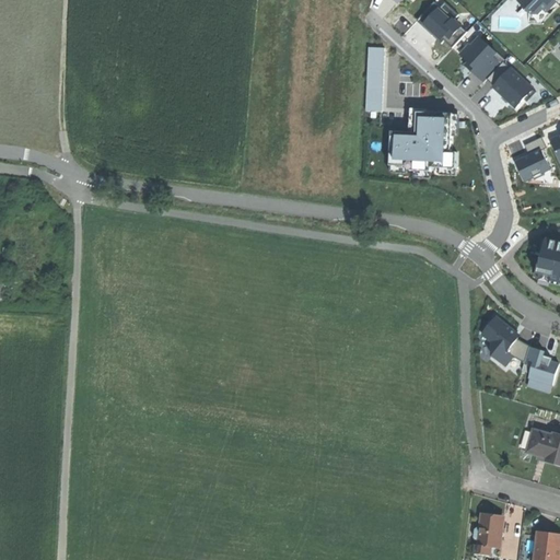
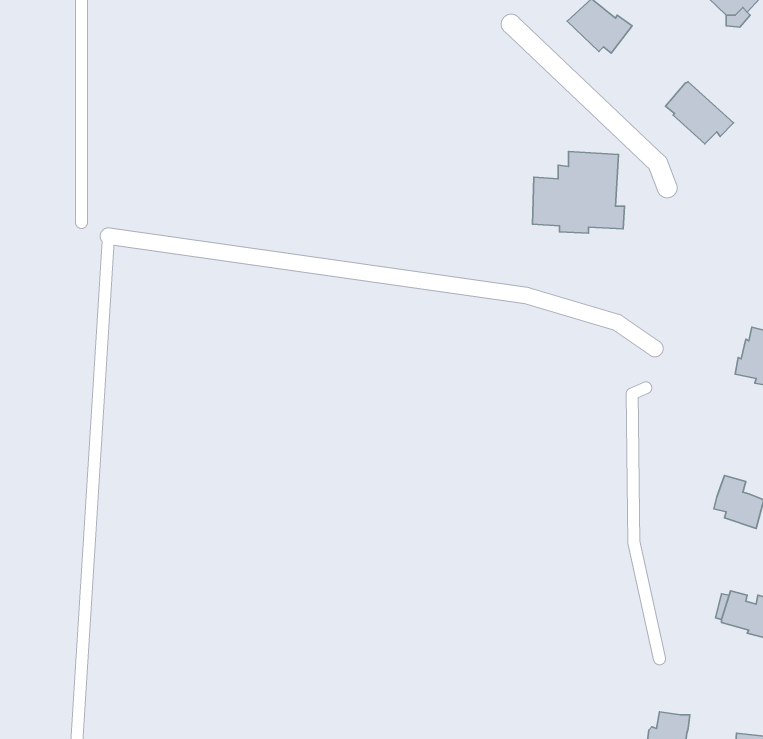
building: [459,36,501,81] -> none
building: [365,46,384,110] -> none
building: [518,136,550,179] -> none
building: [481,315,529,365] -> none

